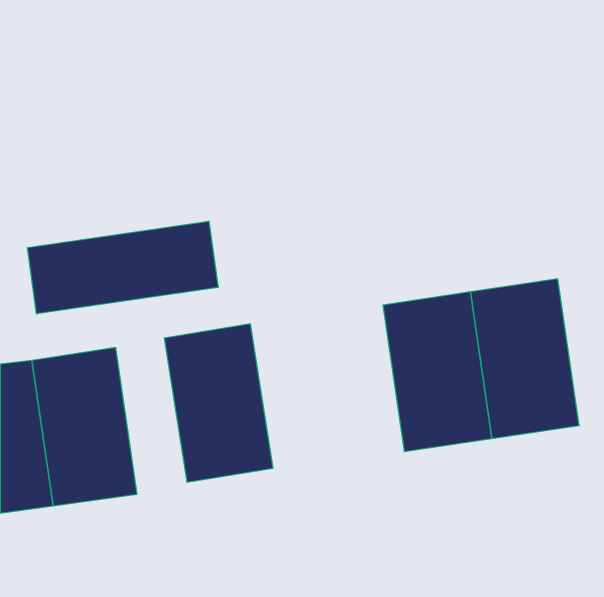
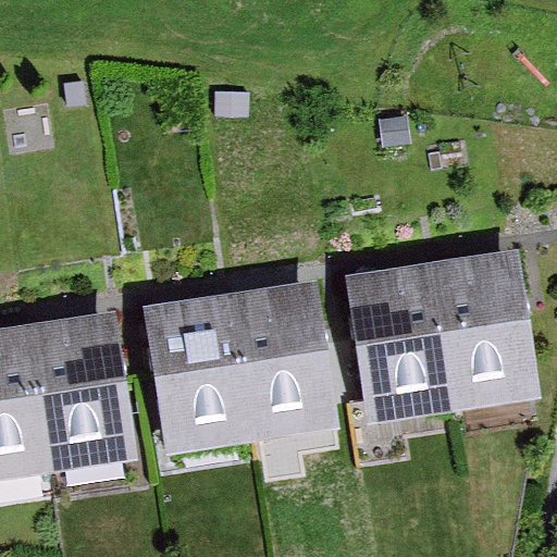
building: [27,221,218,314] -> none
building: none -> [231,286,331,431]

